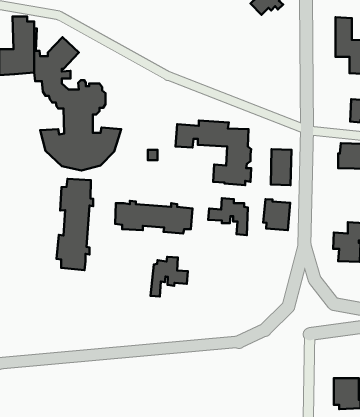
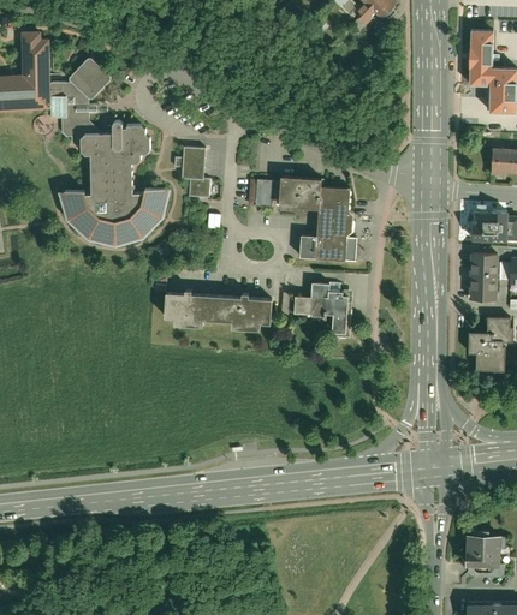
building: none -> [173,147,209,199]
building: [271,149,291,185] -> [469,251,498,301]
building: [56,179,93,270] -> none
building: [263,199,290,230] -> none
building: [151,257,188,296] -> none

